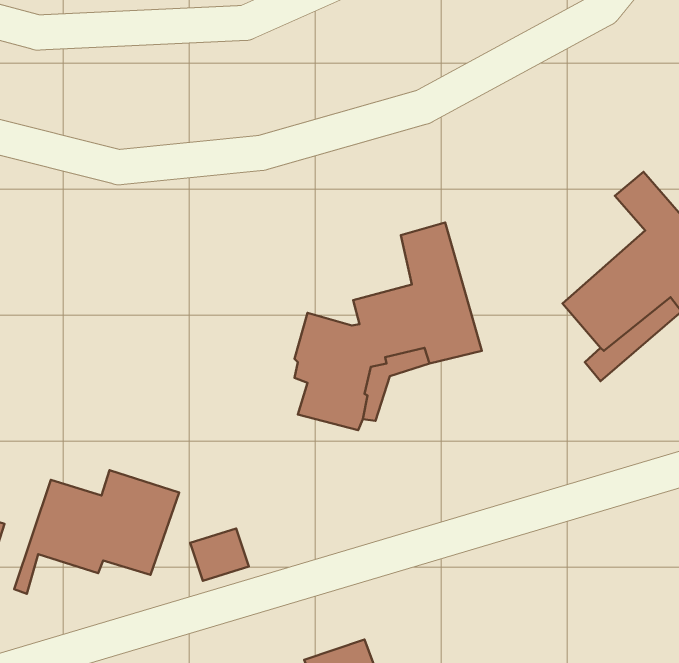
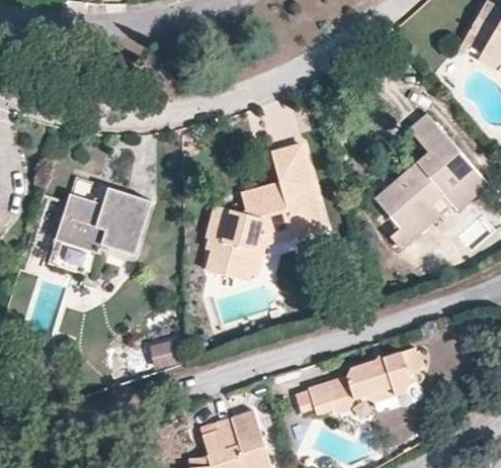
building: [14,470,179,594] -> [48,188,153,267]
building: none -> [307,348,422,413]

